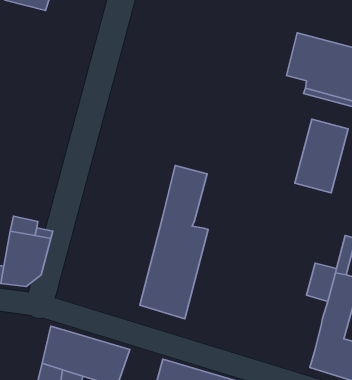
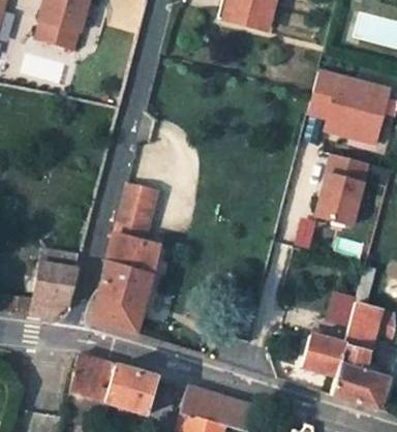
building: [140,165,208,319] -> [93,185,159,334]
building: none -> [302,338,343,377]

